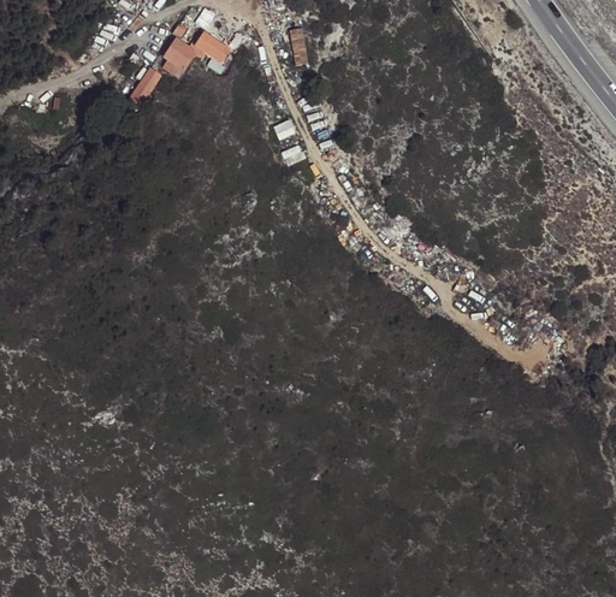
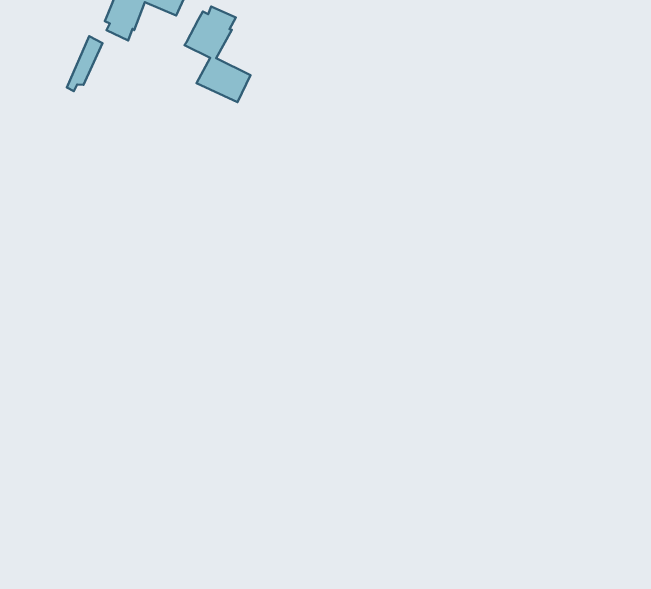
building: none -> [185,6,250,102]

